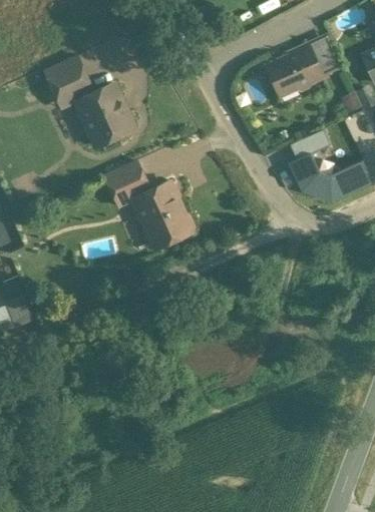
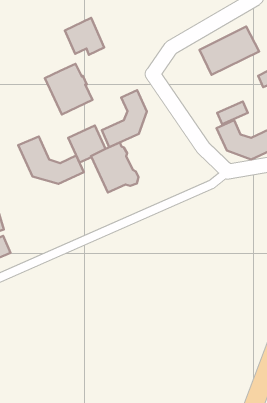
building: [45,55,94,101] -> [65,18,104,55]
building: none -> [102,90,147,147]
building: none -> [18,136,84,184]

